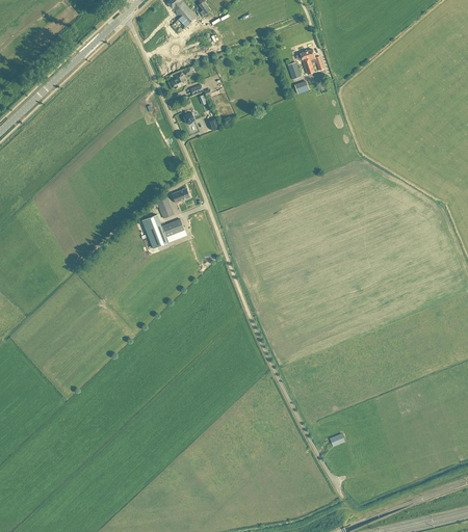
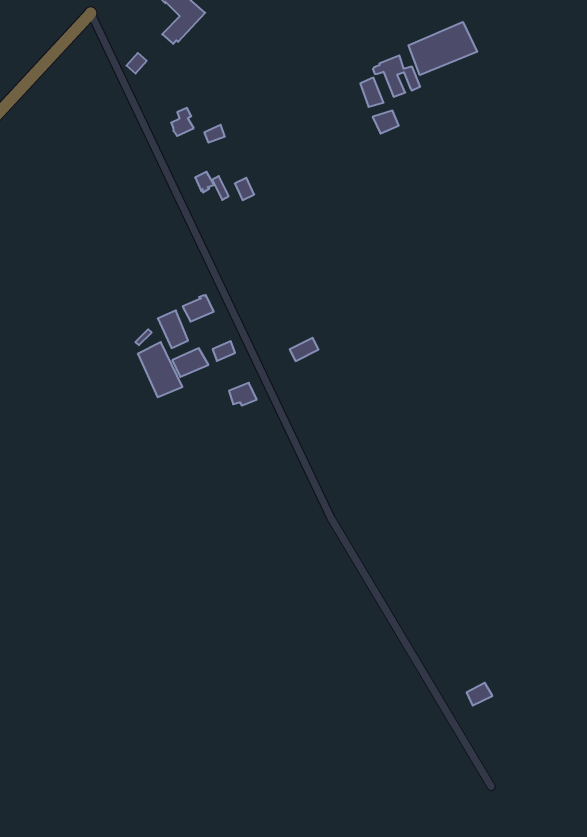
building: none -> [408,22,477,75]

